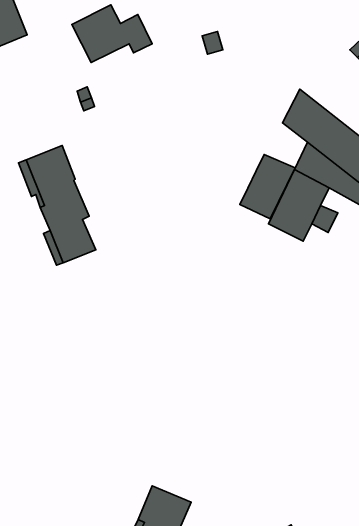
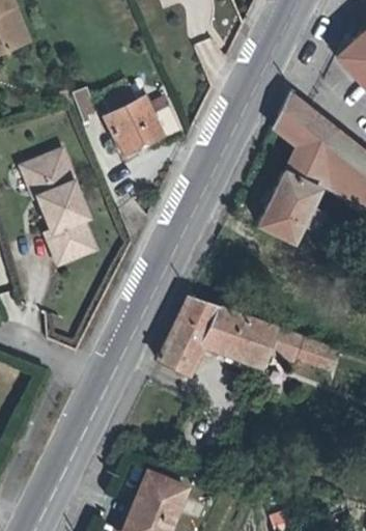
building: [72,5,152,62] -> [104,97,180,152]
building: [240,154,295,219] -> none
building: none -> [158,296,334,372]

